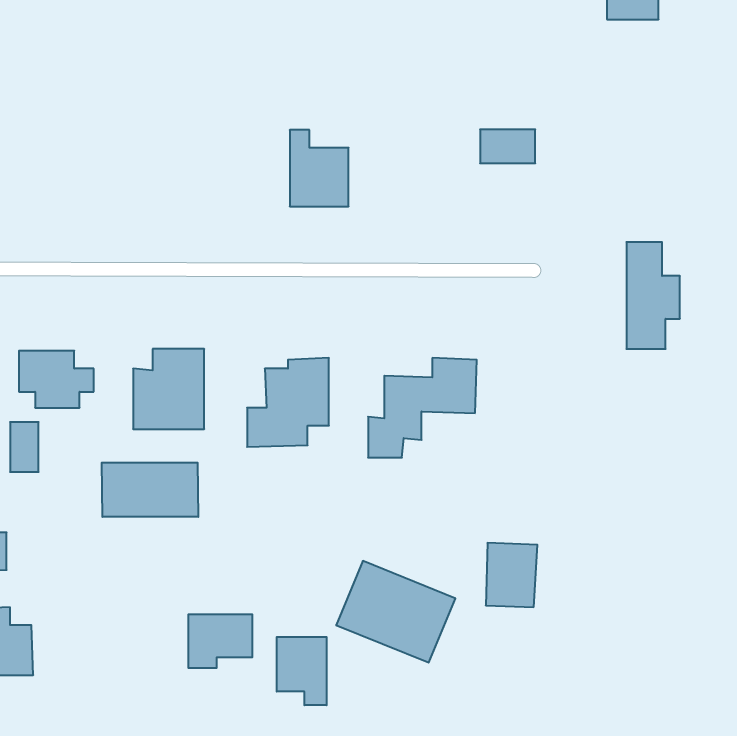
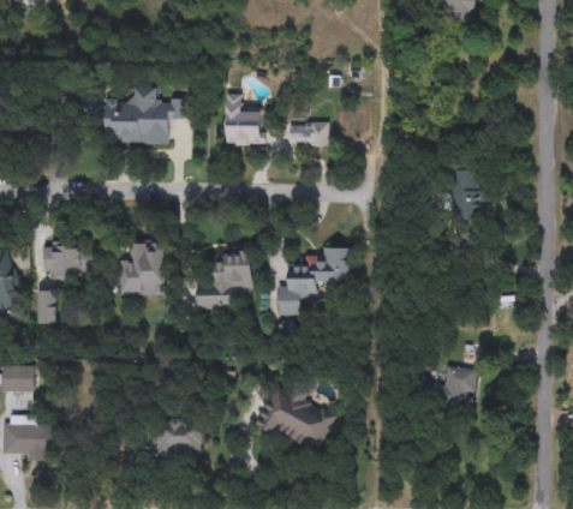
building: none -> [105,86,183,144]
building: [480,129,535,163] -> [290,122,327,145]
building: [102,463,198,517] -> none
building: [486,543,537,607] -> [440,366,474,409]
building: [277,637,327,705] -> none

